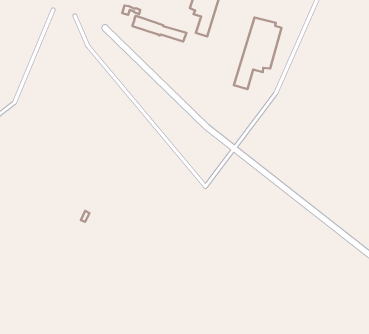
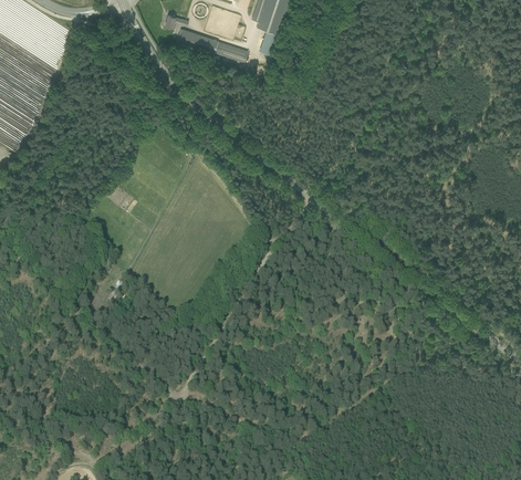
building: [234,17,281,89] -> none

